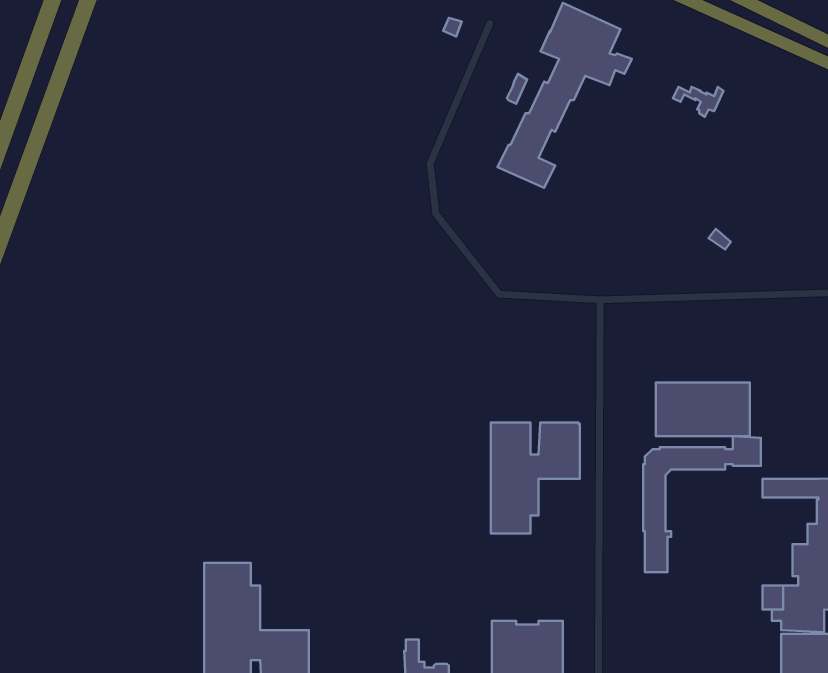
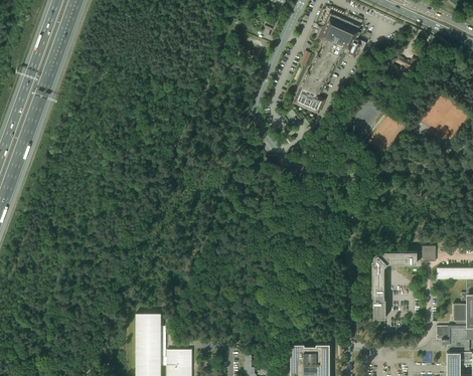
building: [656,383,750,436] -> none
building: [491,422,580,534] -> none

